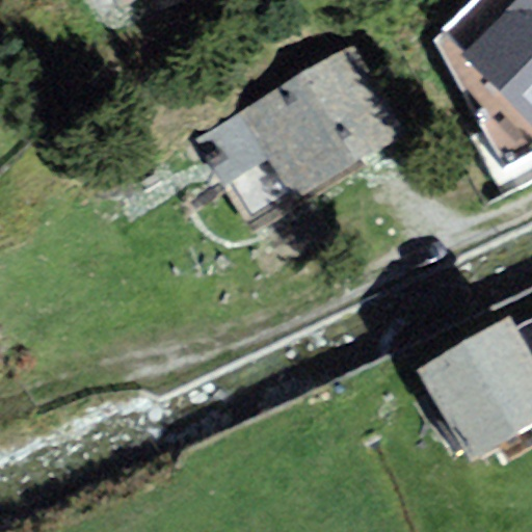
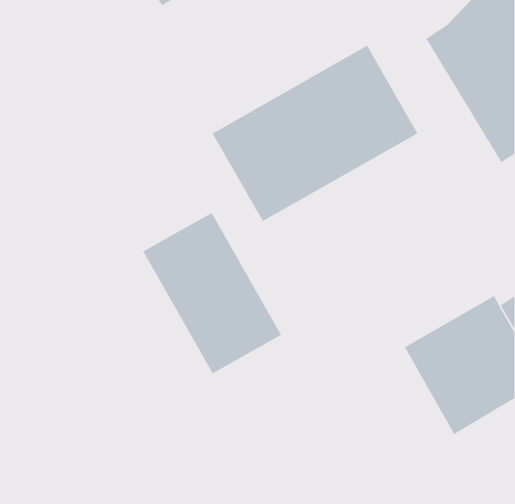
building: none -> [143,212,282,374]

